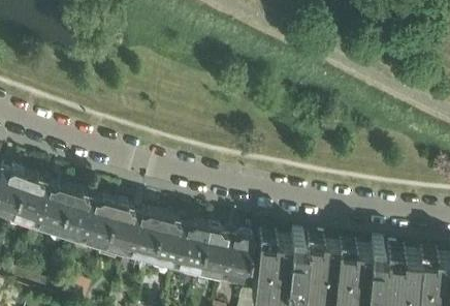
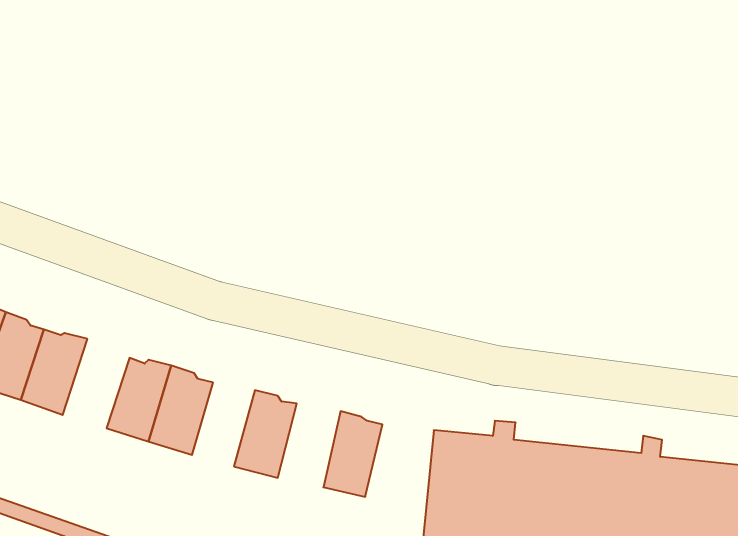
building: [56,186,92,235] -> none
building: [126,210,160,255] -> none
building: [172,221,206,267] -> none
building: [220,233,253,278] -> none

